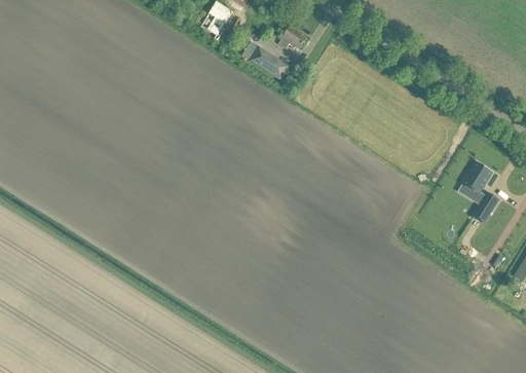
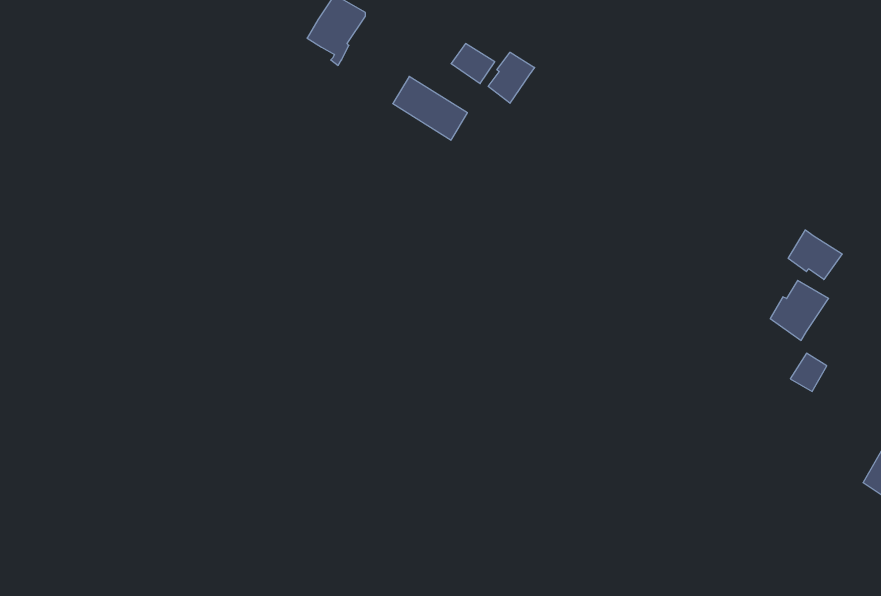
building: none -> [488,52,535,103]
building: none -> [788,230,842,280]

